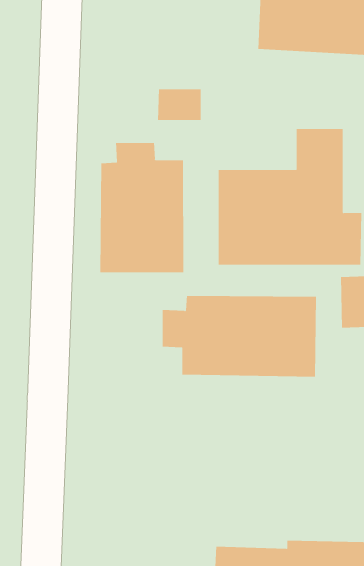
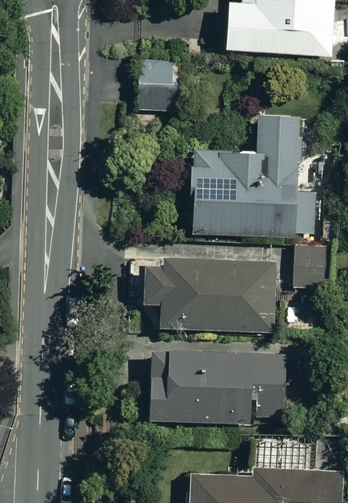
building: [100,142,184,273] -> none
building: none -> [151,352,285,423]

